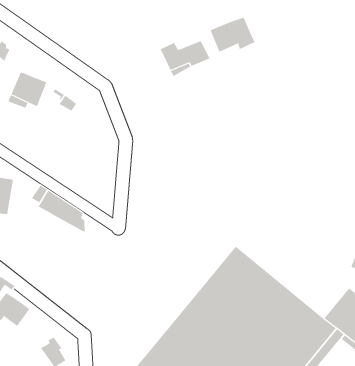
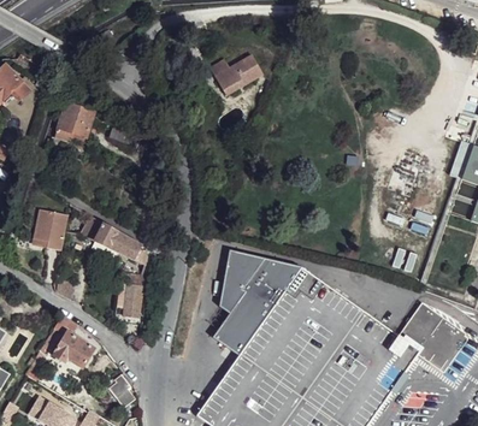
building: [210,17,255,53] -> none
building: none -> [218,249,302,354]
building: none -> [122,280,143,313]

